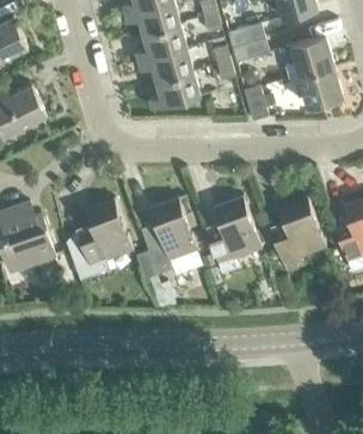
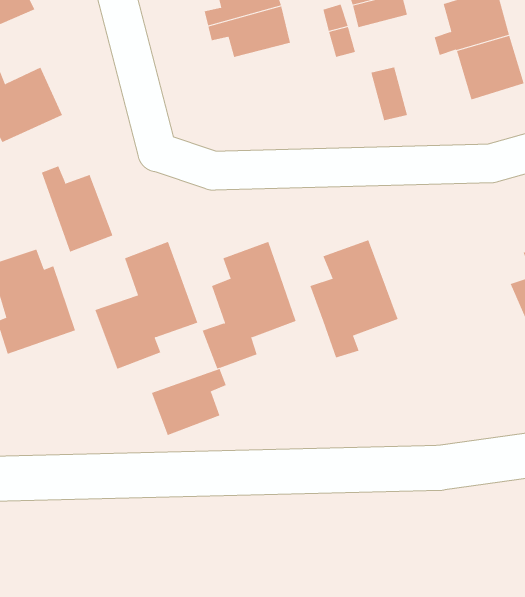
building: [149,71,199,109] -> none
building: none -> [41,165,113,252]
building: [269,197,325,274] -> none
building: none -> [151,368,226,436]

